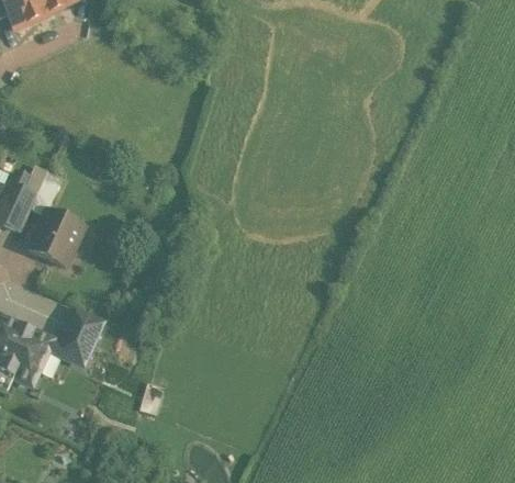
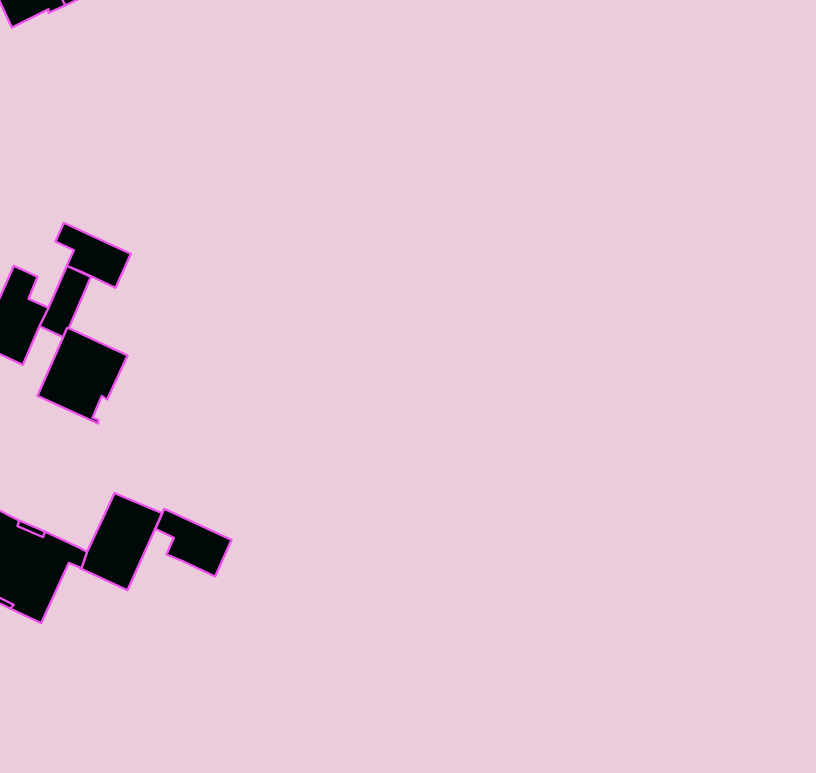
building: none -> [56,223,131,288]
building: none -> [155,509,232,577]

